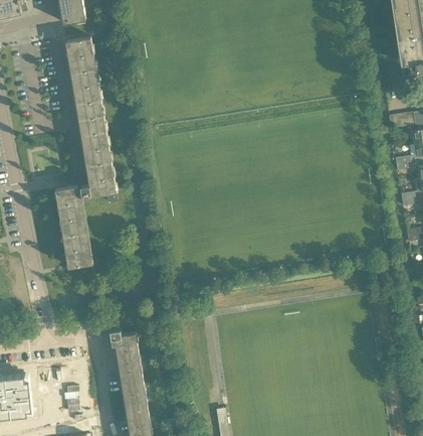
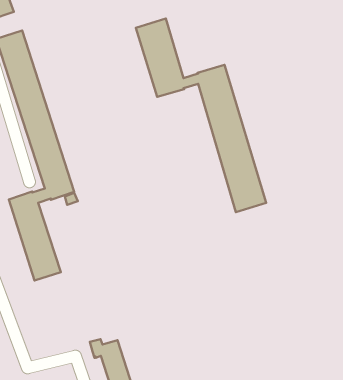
building: none -> [136,18,266,212]

